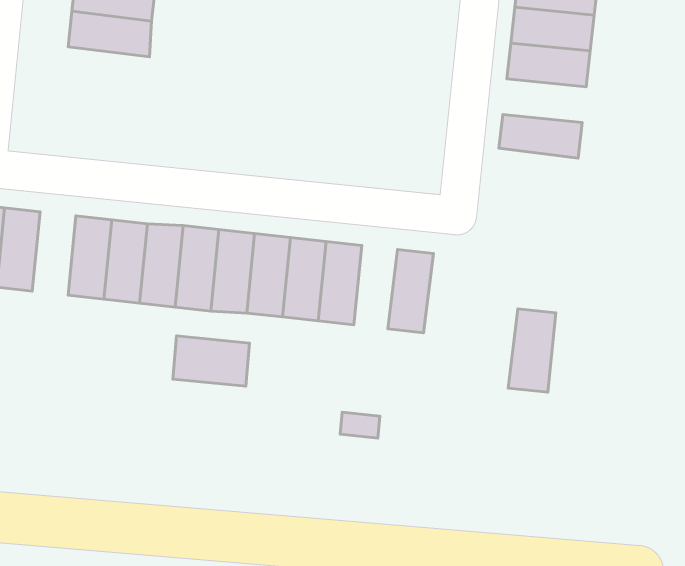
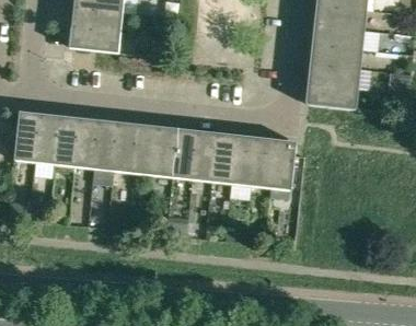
building: none -> [71,26,118,51]
building: none -> [313,44,359,68]
building: none -> [309,82,355,108]
building: none -> [54,117,78,163]
building: none -> [231,136,255,182]
building: [508,309,556,392] -> [269,140,296,186]
building: [173,336,250,386] -> none

